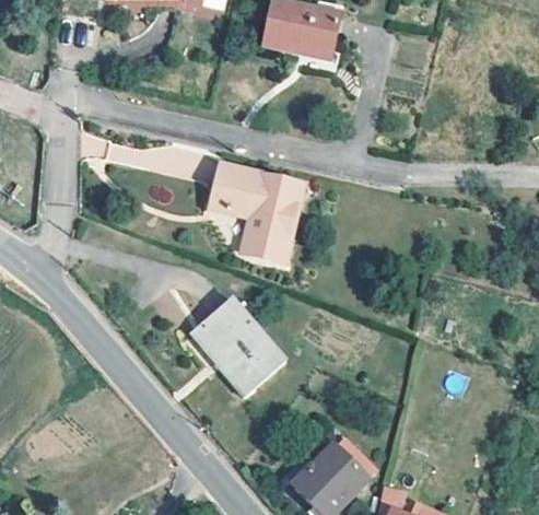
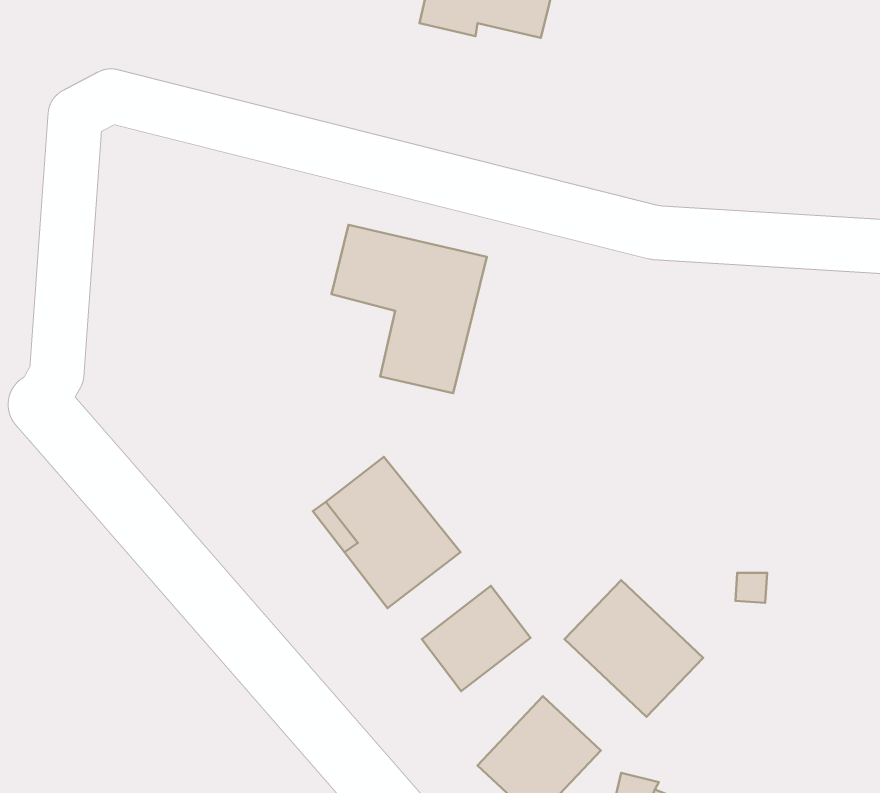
building: none -> [565,580,703,717]
building: none -> [422,586,530,691]

